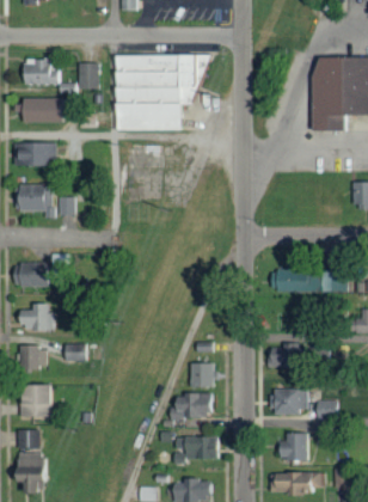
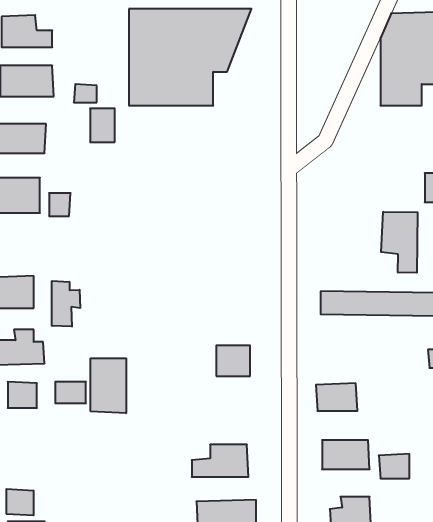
building: [75,63,94,90] -> [90,108,115,142]
building: none -> [381,212,418,273]
building: none -> [52,281,80,327]
building: none -> [91,358,126,413]
building: [185,363,211,387] -> [216,345,250,376]
building: [25,382,59,416] -> none

